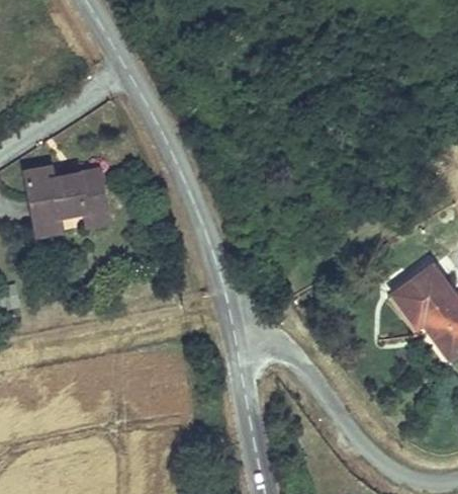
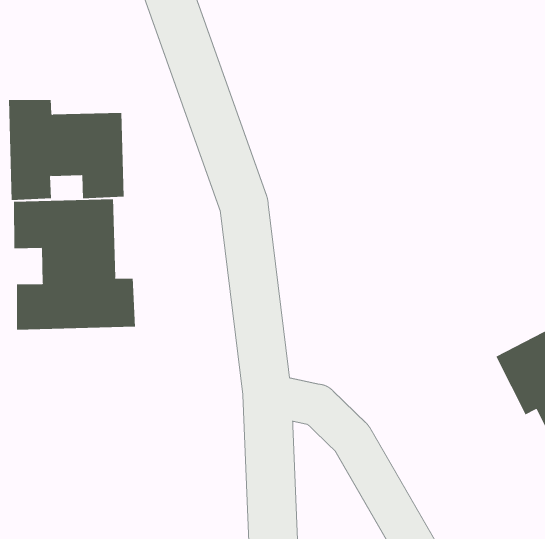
building: none -> [13,198,136,331]

